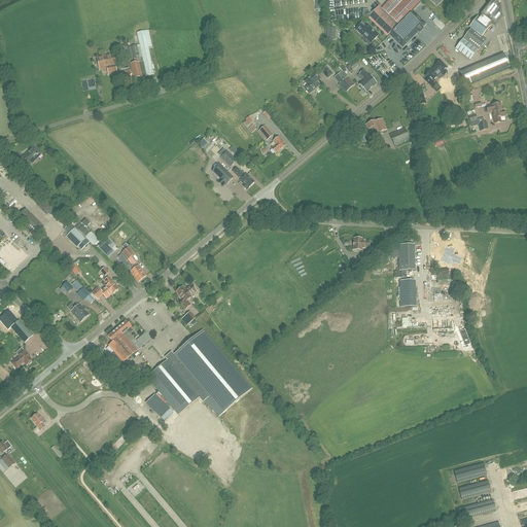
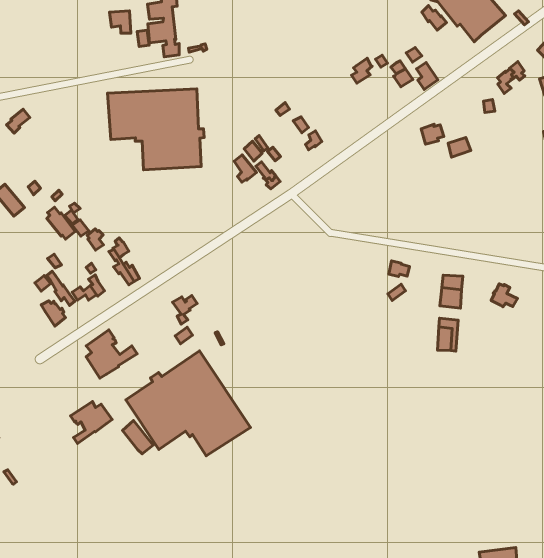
building: none -> [108,89,204,170]
building: none -> [70,402,112,444]

